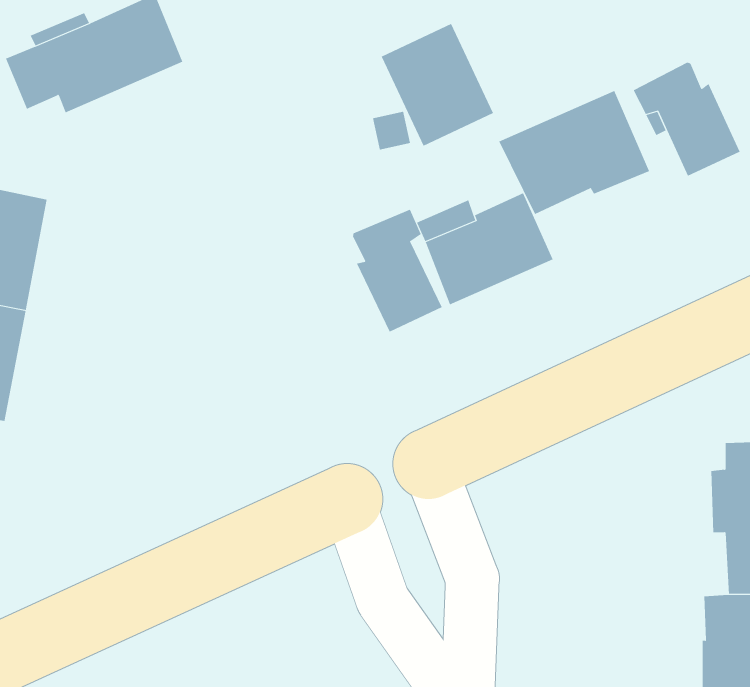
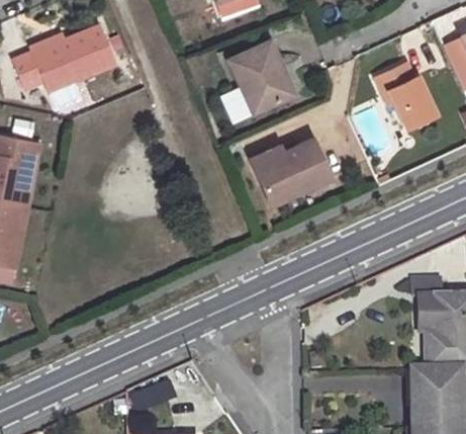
building: [499,90,650,215] -> none
building: [352,209,442,333] -> none

